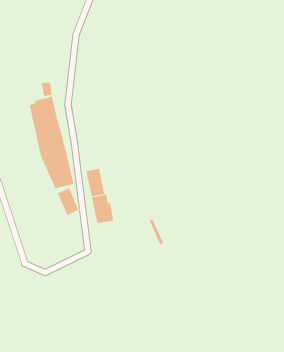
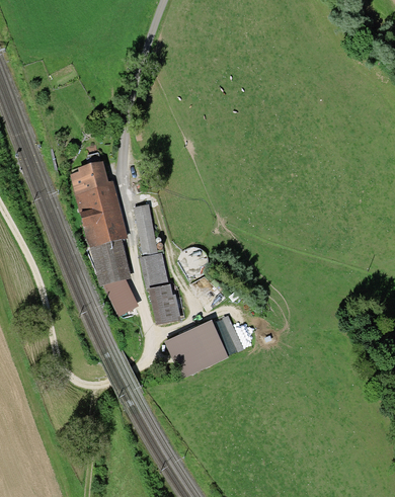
building: none -> [135,206,158,258]
building: none -> [166,322,227,377]

